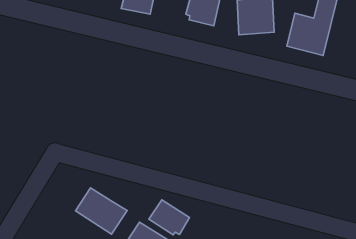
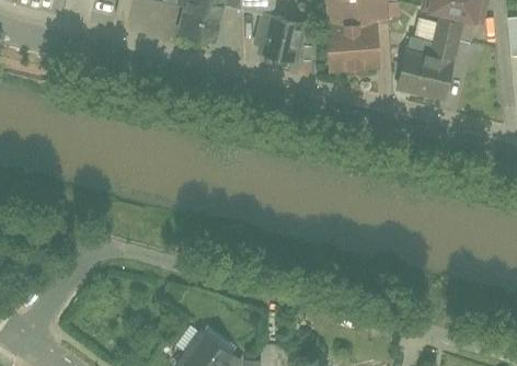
building: [75,188,127,234] -> none
building: [149,200,189,235] -> none

